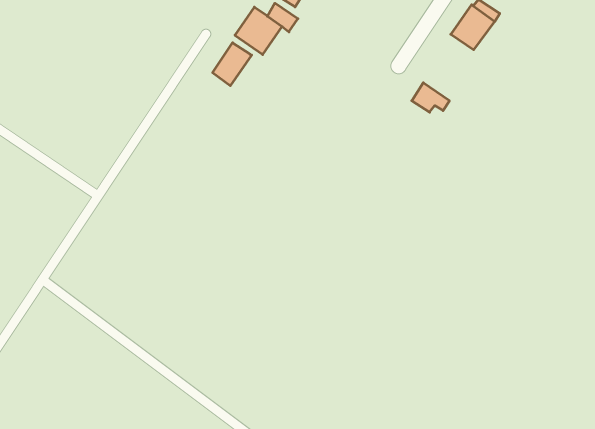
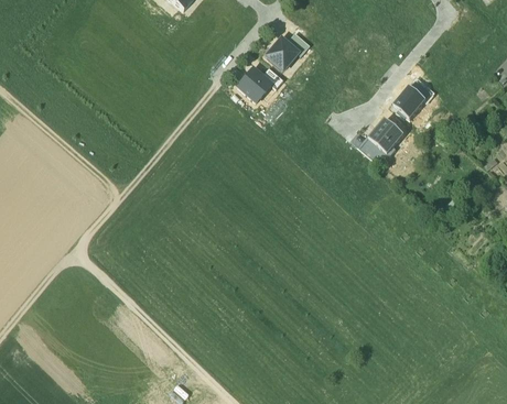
building: [213,43,252,86] -> none
building: none -> [369,118,402,152]

